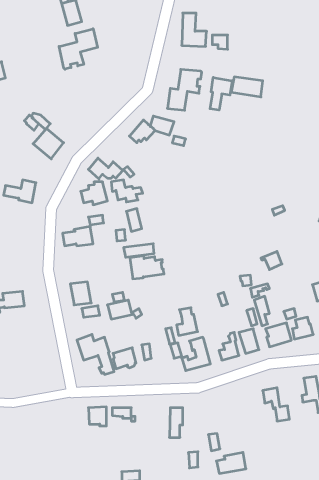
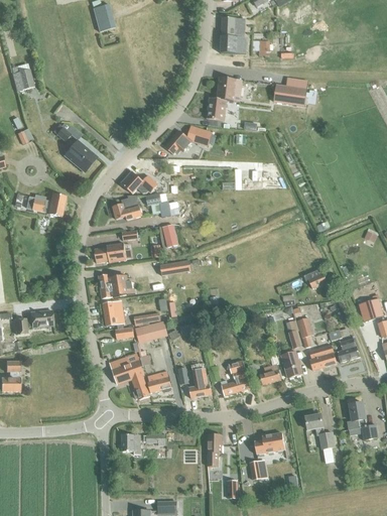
building: [59,29,98,69] -> none
building: [210,77,232,110] -> none
building: [130,256,164,279] -> [98,273,134,297]
building: [177,308,198,335] -> [188,368,211,397]
building: [216,452,246,473] -> [253,431,284,454]

